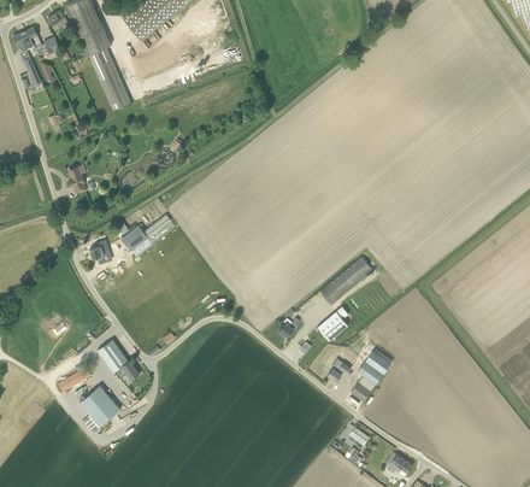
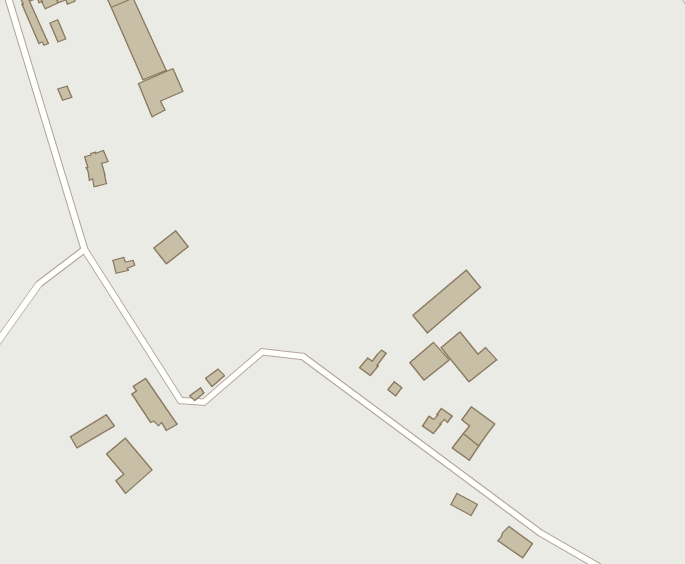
building: none -> [138,69,183,117]
building: none -> [441,332,497,382]

